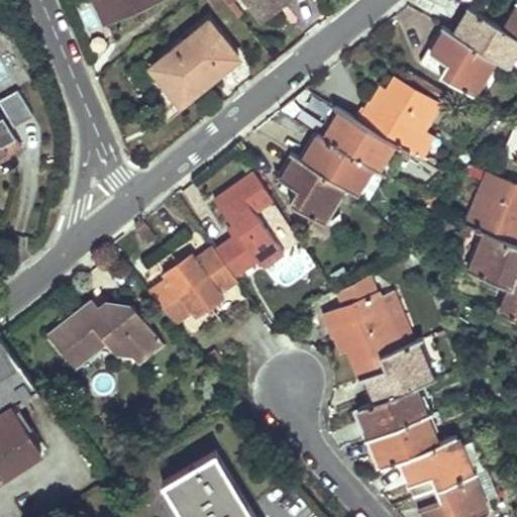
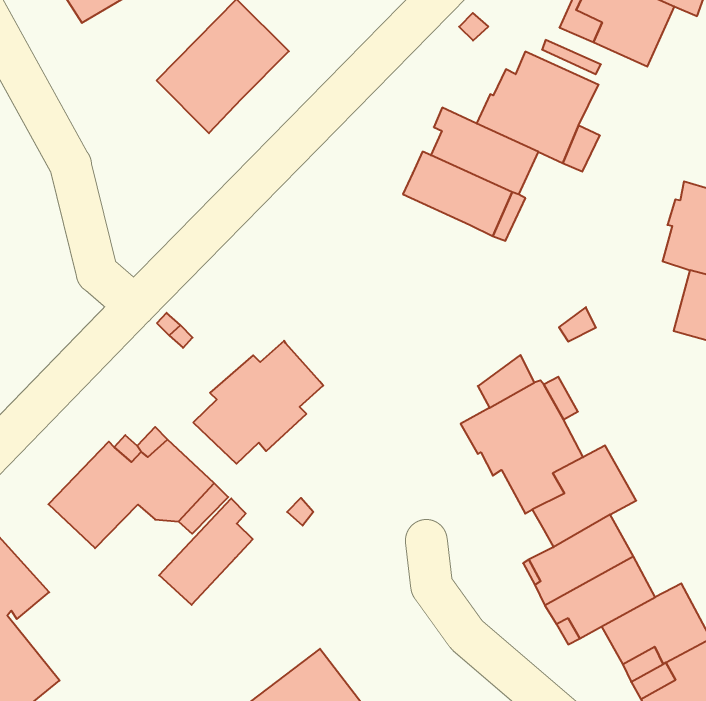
building: [283,156,344,224] -> none
building: [214,173,284,278] -> none
building: none -> [159,498,253,605]

